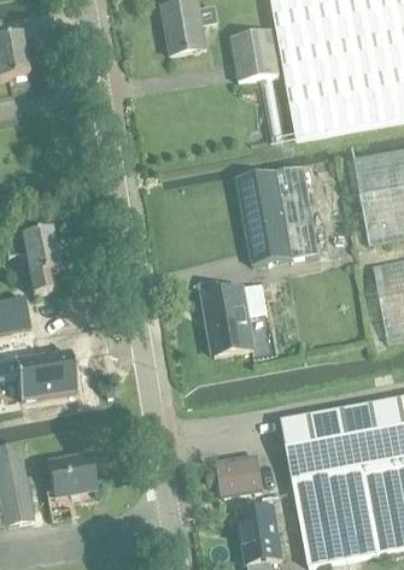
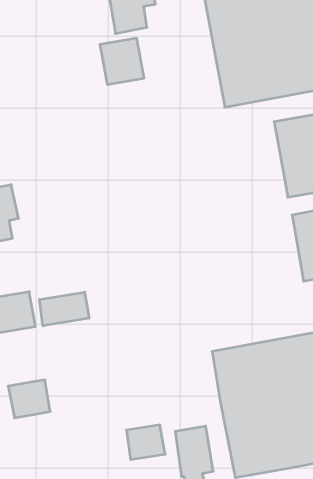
building: [230,28,281,81] -> [100,38,144,84]
building: [236,164,318,264] -> none
building: [204,284,268,354] -> none
building: none -> [40,292,89,326]
building: [218,454,263,494] -> [126,425,165,460]

